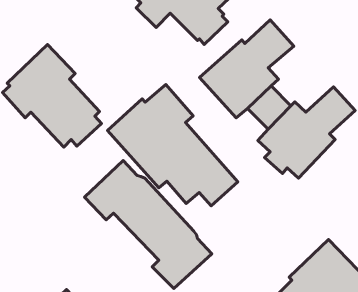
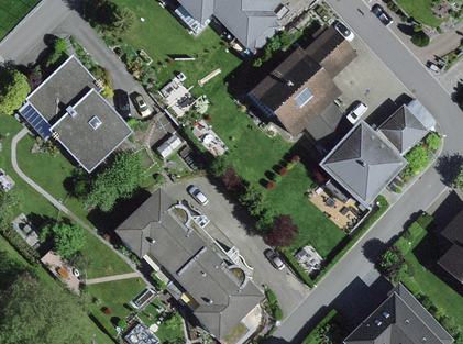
building: [107,84,238,206] -> none

